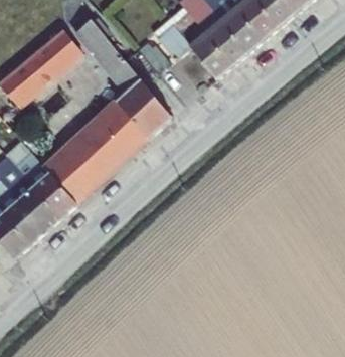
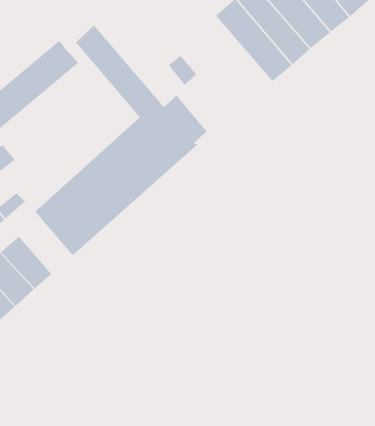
building: [156,15,230,80] -> none
building: [30,175,72,219] -> none

